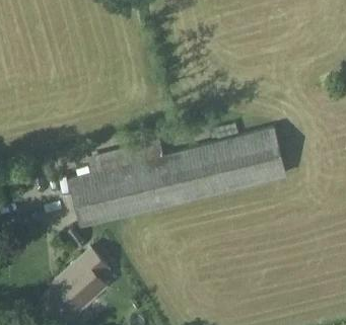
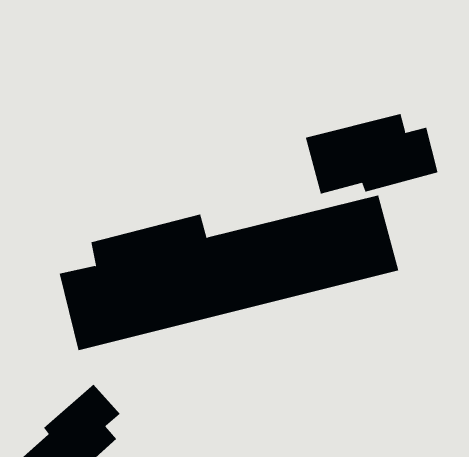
building: none -> [305,113,438,194]

